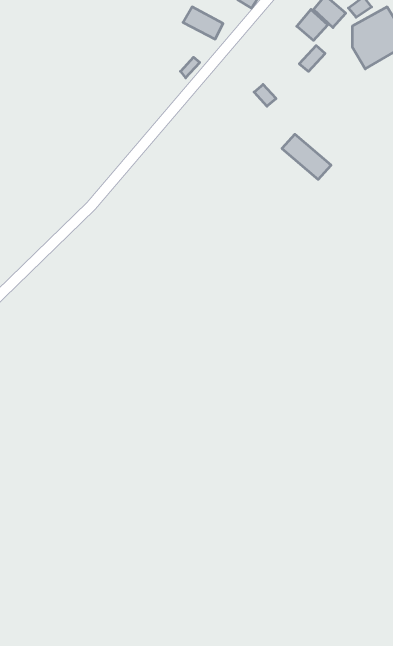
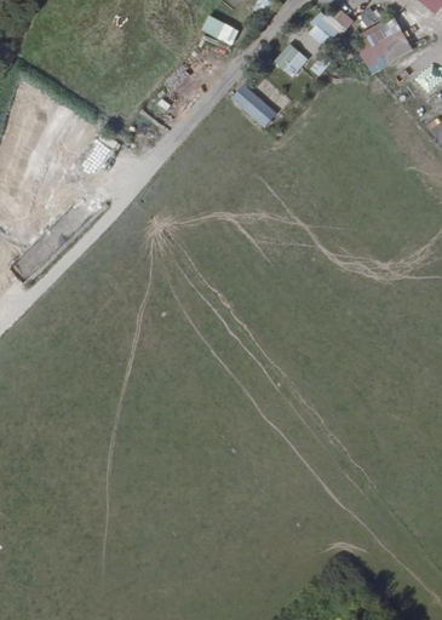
building: none -> [274,42,308,76]
building: [282,134,331,179] -> [230,85,276,127]

